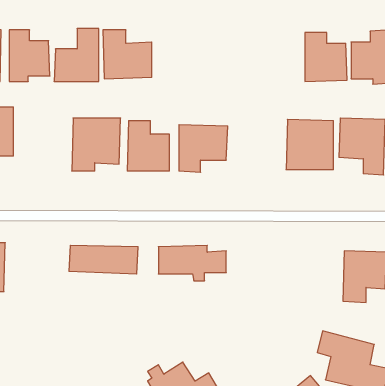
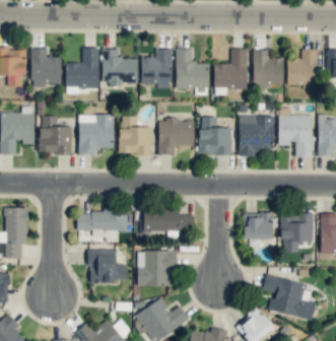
building: none -> [141,49,172,88]
building: none -> [176,49,209,88]
building: none -> [214,49,248,88]
building: none -> [39,116,72,154]
building: none -> [199,117,231,155]
building: none -> [244,213,272,240]
building: none -> [88,249,127,282]
building: none -> [137,251,175,286]

